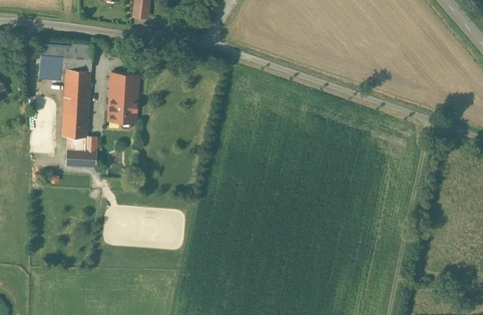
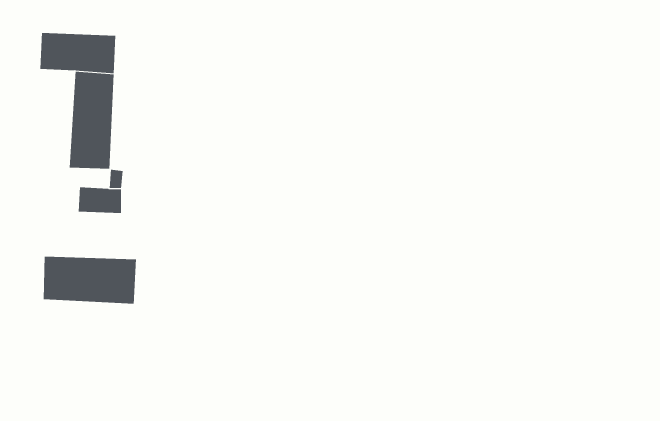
building: [107,70,140,122] -> none
building: none -> [43,256,137,305]

